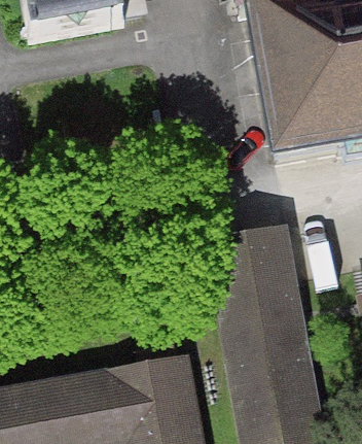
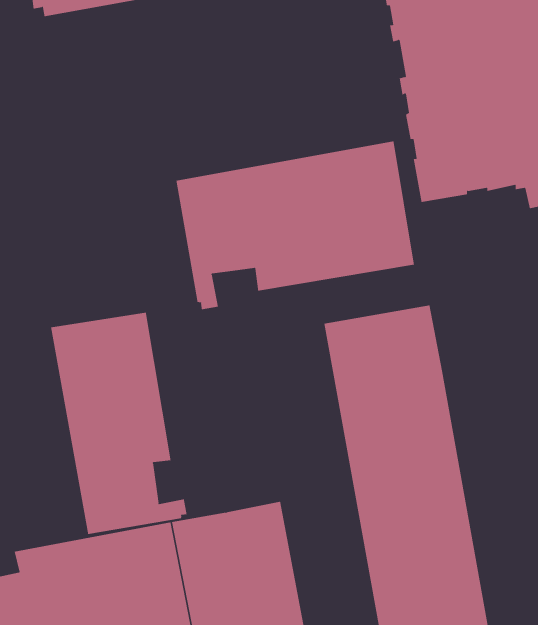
building: none -> [176,140,414,310]
building: none -> [51,312,187,535]

